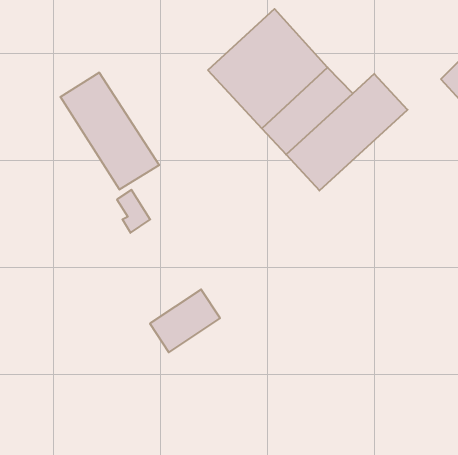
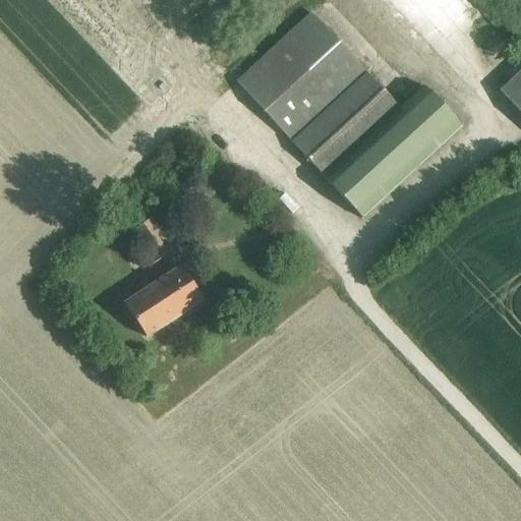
building: [60,72,159,190] -> none
building: [150,289,220,352] -> [124,264,204,335]

